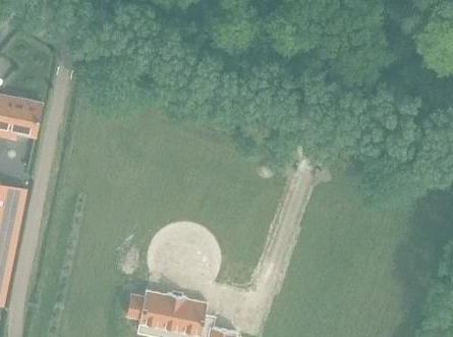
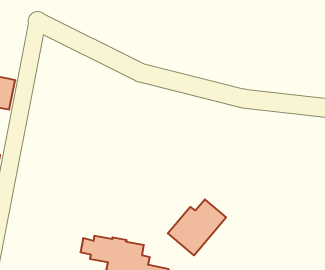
building: none -> [168,199,226,255]

